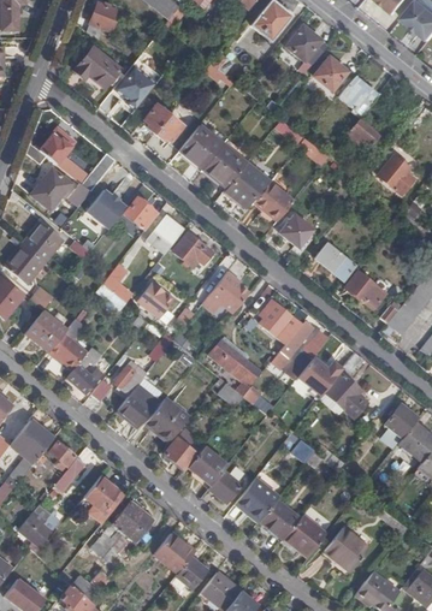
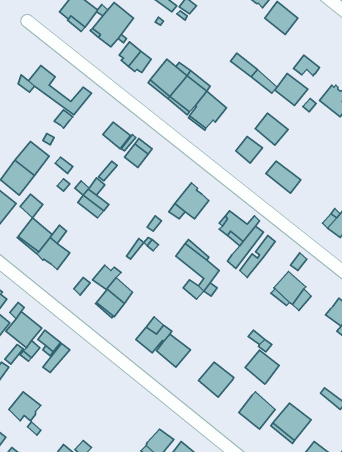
building: [338,77,377,114] -> [275,74,308,106]
building: [31,168,70,208] -> none
building: [255,182,294,219] -> [255,113,288,145]
building: [85,188,125,227] -> none
building: [173,233,211,266] -> none
building: [347,272,386,308] -> none
building: [137,280,174,319] -> none
building: [66,346,102,392] -> none
building: [297,356,342,398] -> none
building: [146,397,188,441] -> none
building: [208,469,241,500] -> none
building: [84,476,122,516] -> none
building: [260,499,300,539] -> [245,350,279,384]
building: [91,500,153,559] -> none
building: [154,533,194,573] -> none

